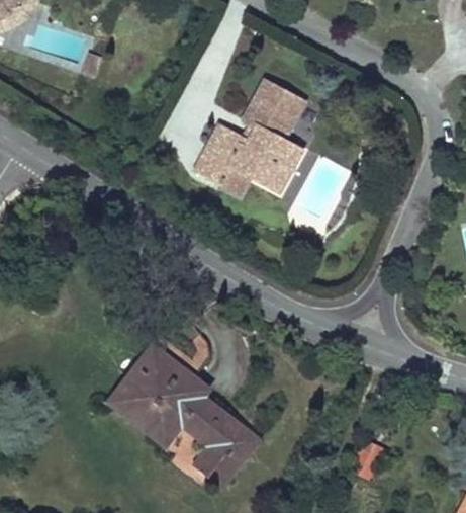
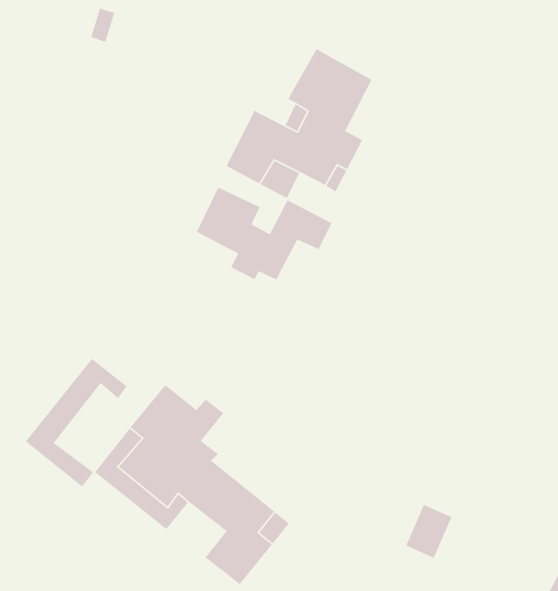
building: none -> [196,186,333,280]
building: none -> [25,358,128,487]

